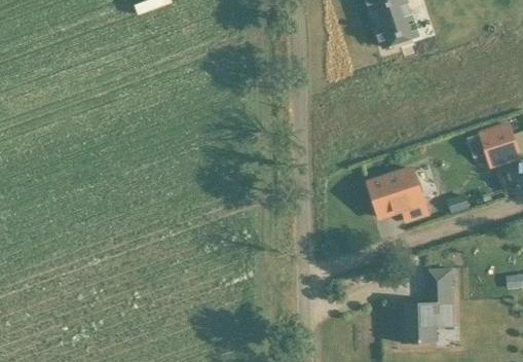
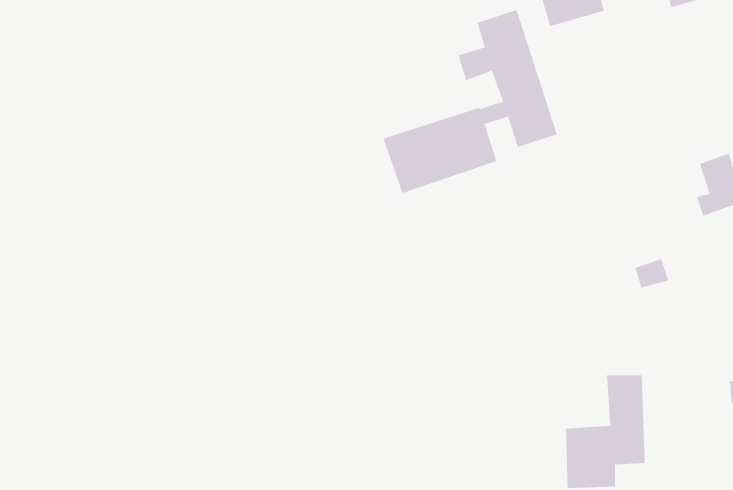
building: none -> [383,9,557,194]
building: [366,170,425,221] -> none

